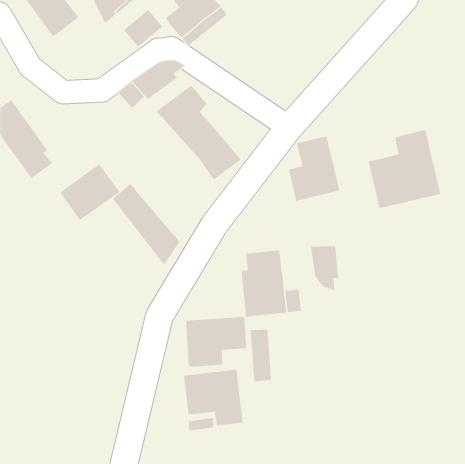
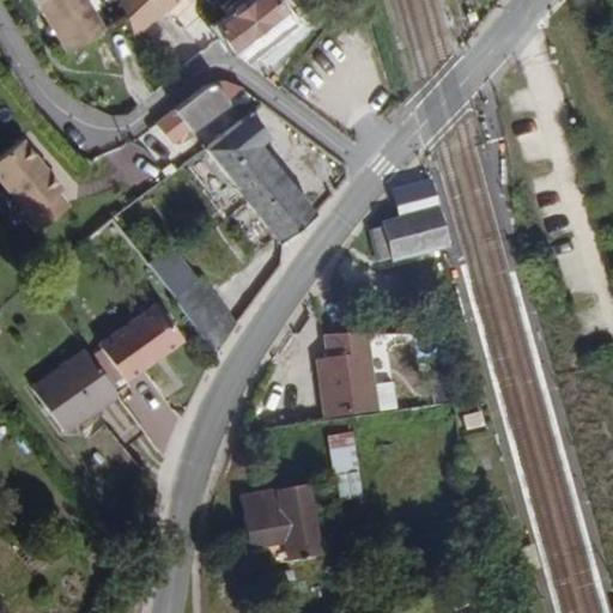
building: [368,129,441,209] -> none
building: [59,163,120,221] -> [103,304,183,380]
building: [310,246,339,291] -> none
building: none -> [32,347,119,430]
building: [186,316,247,368] -> none

